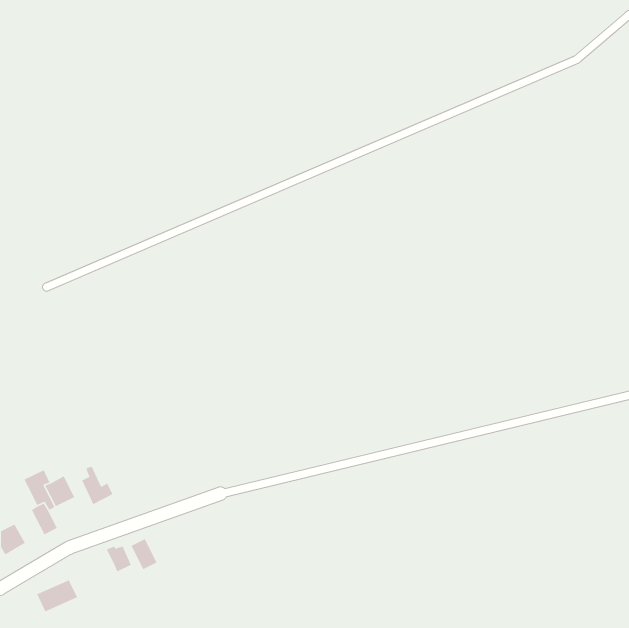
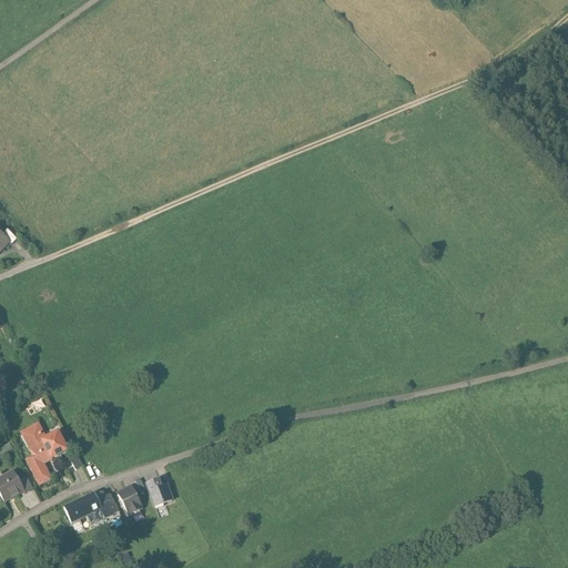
building: [81,466,114,505] -> none
building: none -> [148,477,173,506]
building: [36,579,78,612] -> [64,491,102,521]

